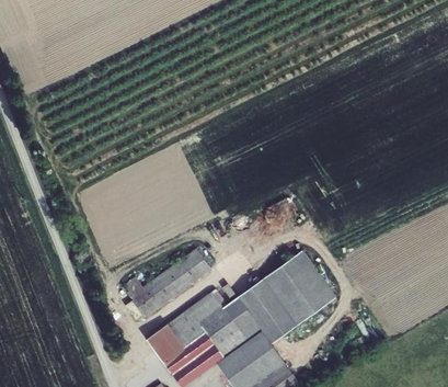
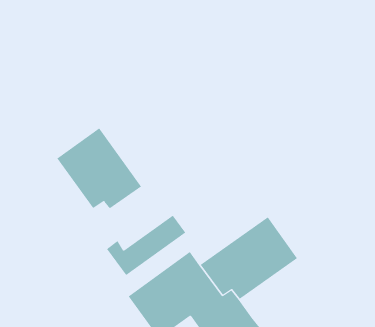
building: none -> [56,128,142,209]

